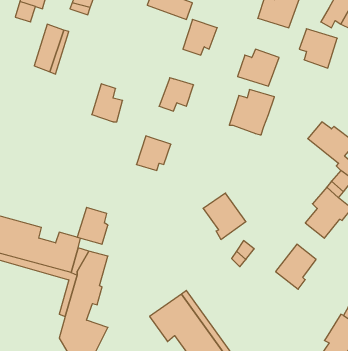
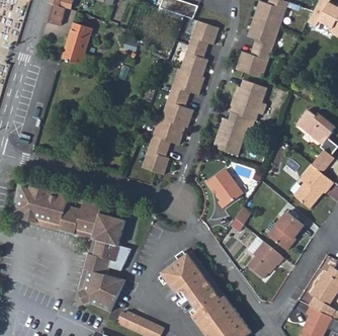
building: [299,29,337,68] -> [247,18,279,52]
building: none -> [181,45,206,76]
building: [92,84,123,122] -> [161,93,187,125]
building: none -> [214,109,251,153]
building: [77,207,108,244] -> [142,143,168,174]
building: none -> [248,236,284,277]

